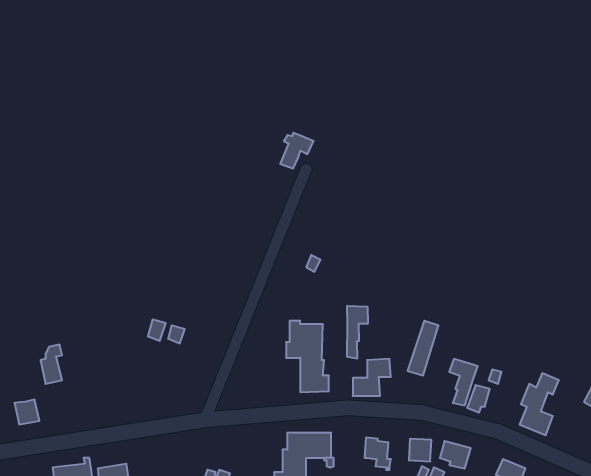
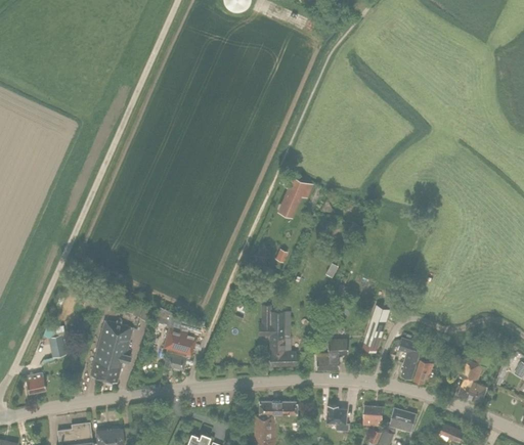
building: [280,133,314,168] -> [281,178,310,209]
building: [347,306,368,359] -> none
building: none -> [90,320,133,383]
building: none -> [164,327,198,369]

